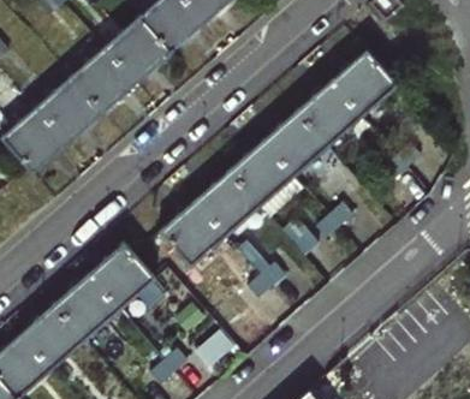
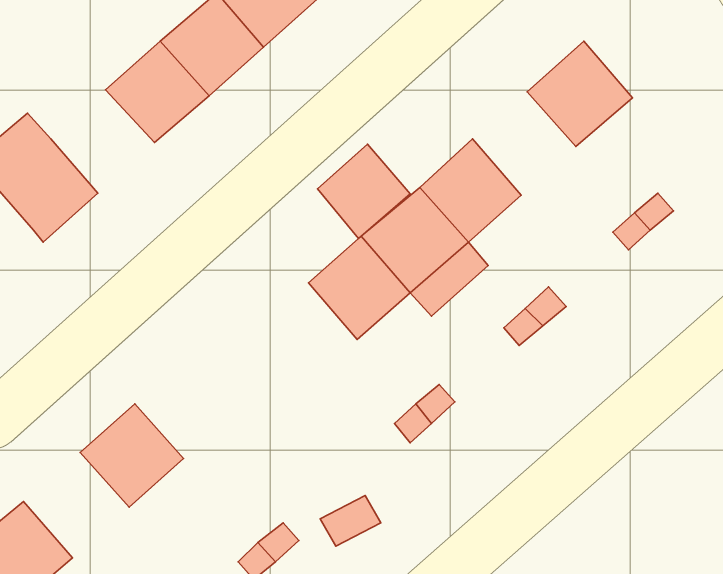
building: [35,82,99,145] -> none
building: [295,83,358,147] -> none
building: none -> [317,144,410,239]
building: [159,201,224,266] -> none
building: [87,245,150,309] -> none
building: [18,305,83,370] -> none

